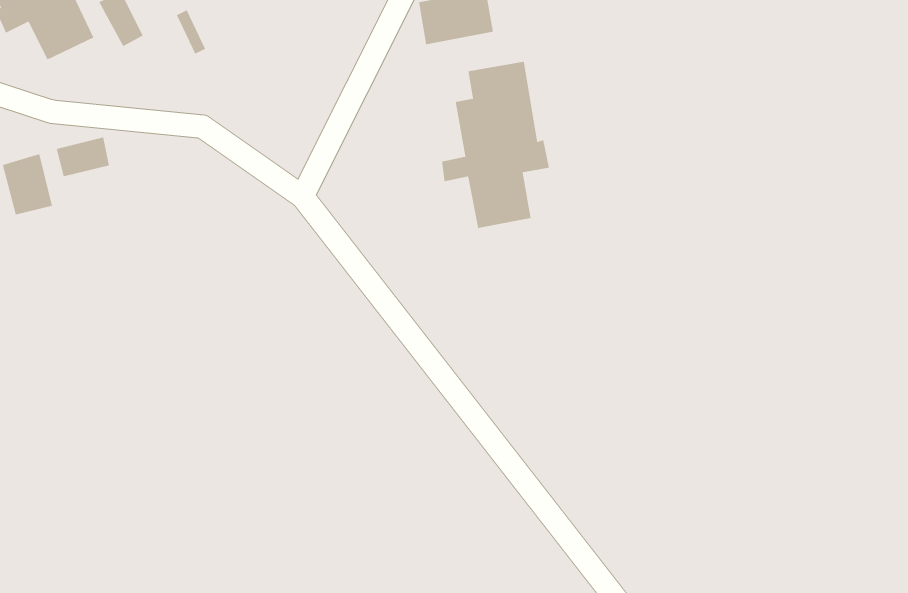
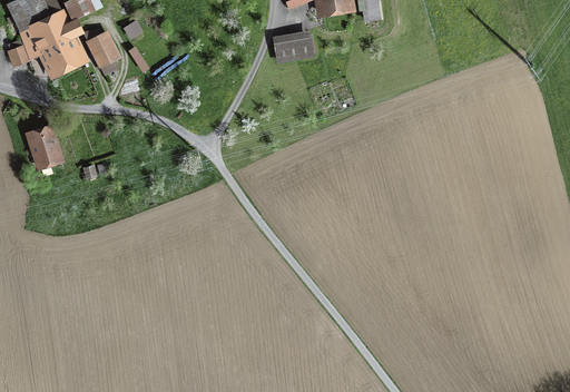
building: [441,61,550,229] -> none
building: [56,136,110,177] -> none

